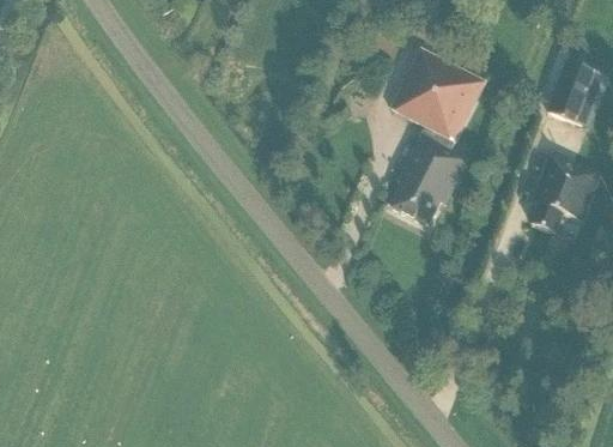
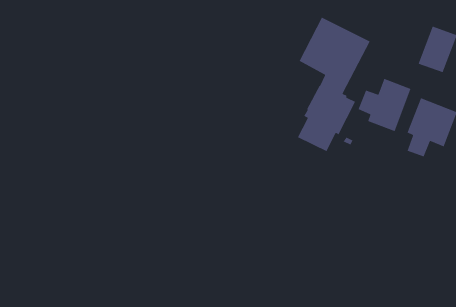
building: none -> [358,78,412,132]

